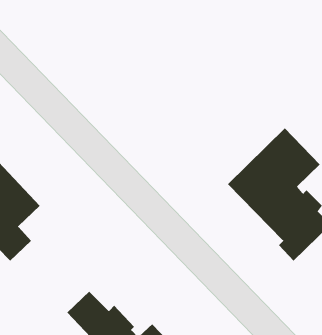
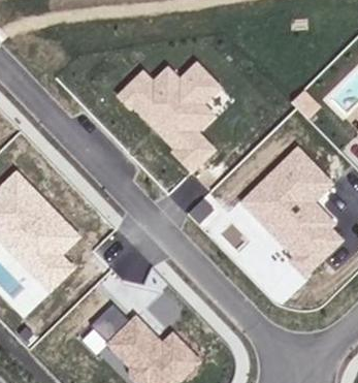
building: none -> [119,64,219,170]

